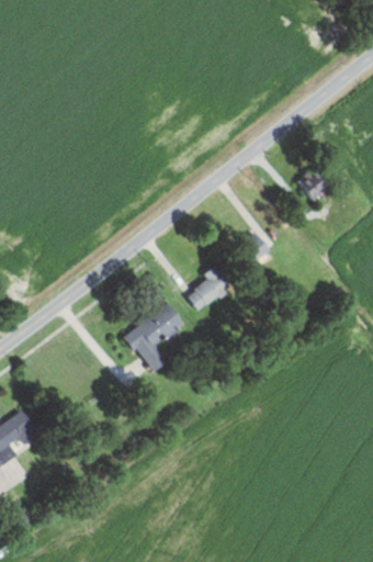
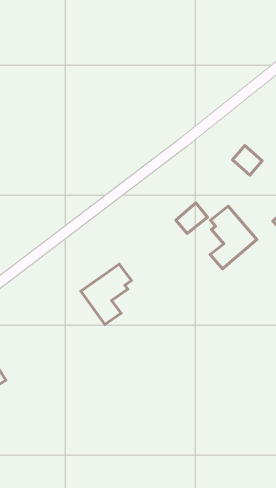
building: none -> [210,206,257,269]
building: [184,269,230,310] -> none

